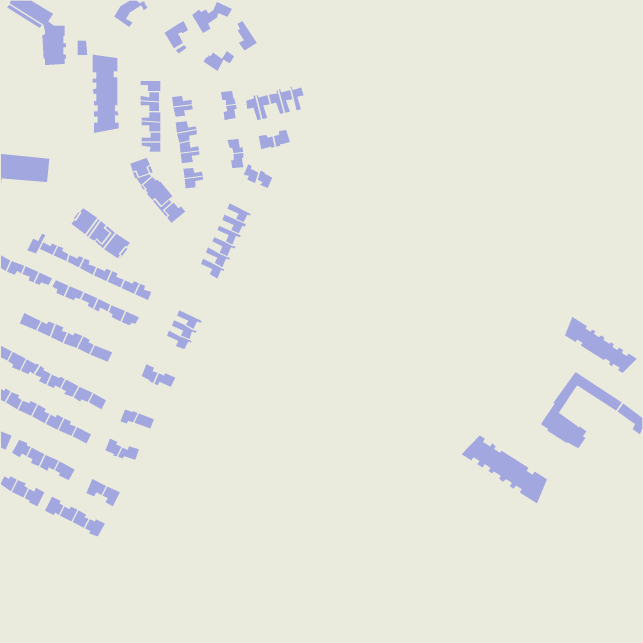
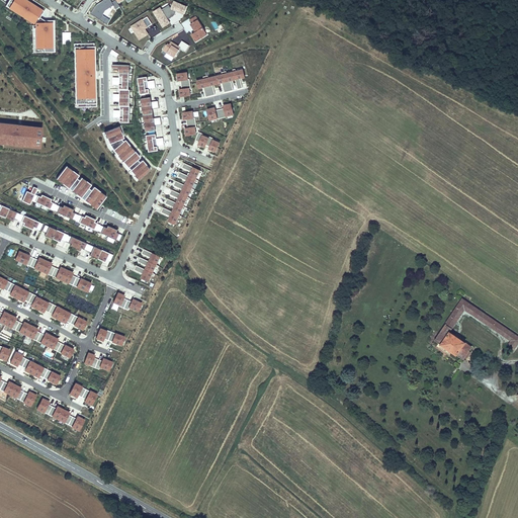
building: [564,316,638,374] -> none
building: [461,434,548,504] -> none

